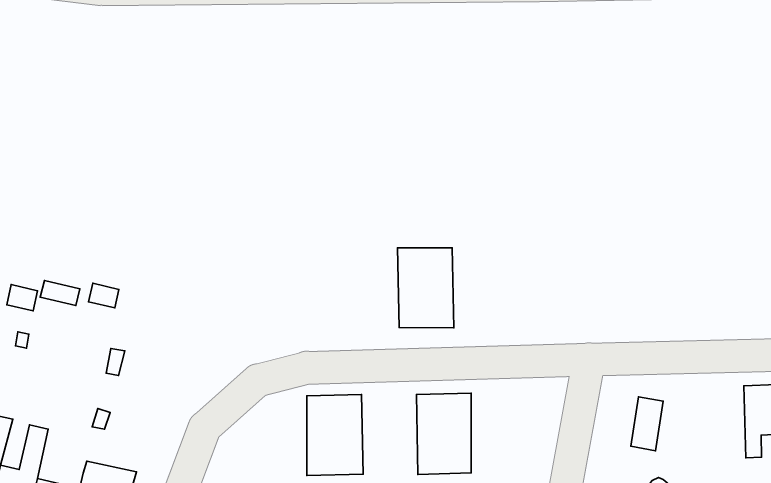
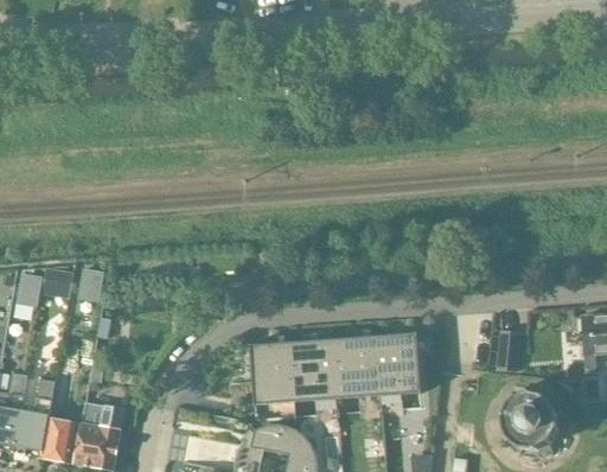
building: [398,248,454,328] -> [292,338,338,401]
building: none -> [375,332,421,395]

